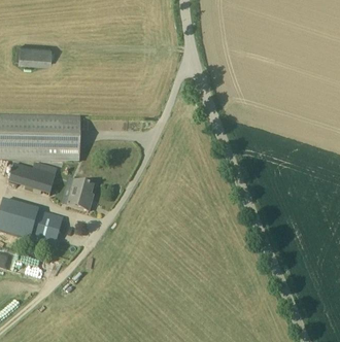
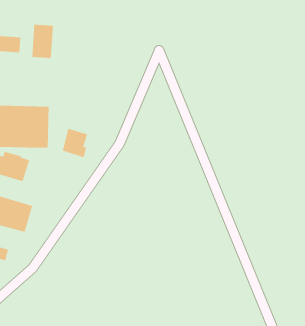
building: none -> [31,24,54,59]
building: [66,179,93,210] -> [62,128,88,158]

